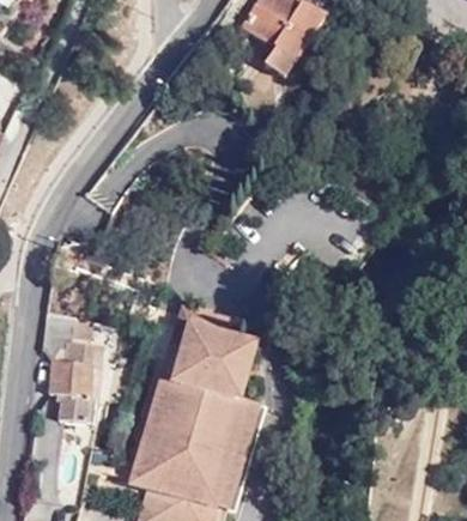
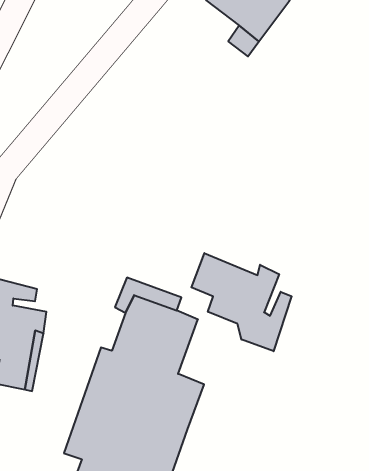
building: none -> [191,253,292,351]

